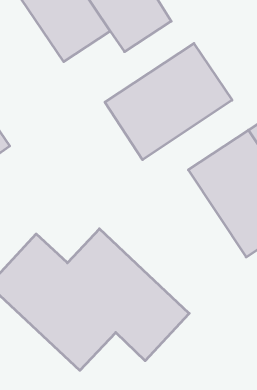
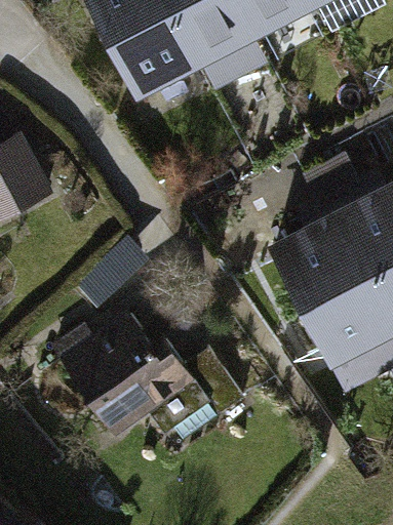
building: [105,43,232,160] -> none

